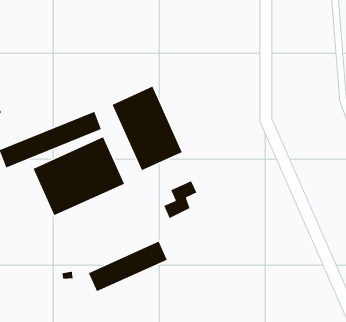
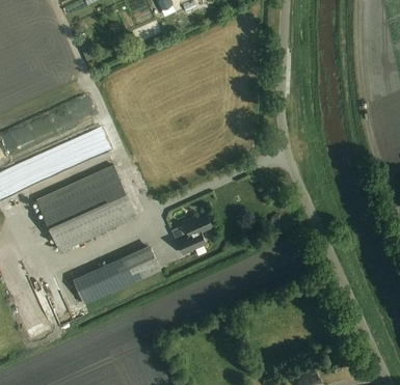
building: [111,86,183,171] -> none
building: [88,241,168,292] -> [74,246,159,301]

